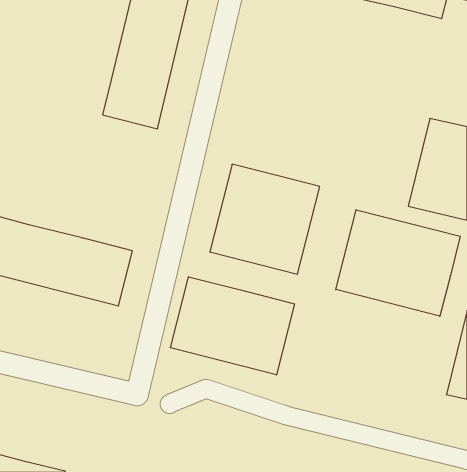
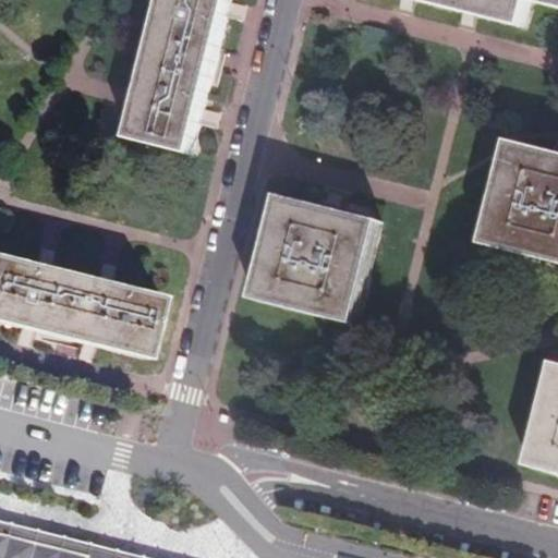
building: [336,210,460,316] -> none
building: [170,277,295,375] -> none

